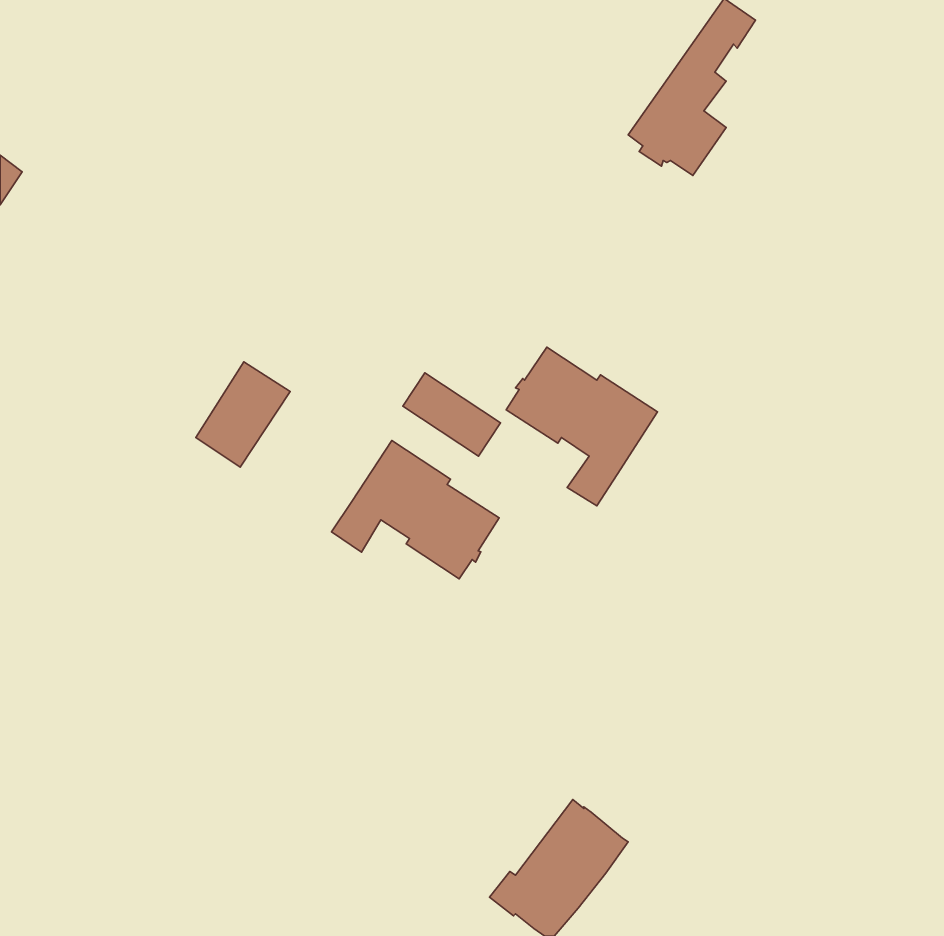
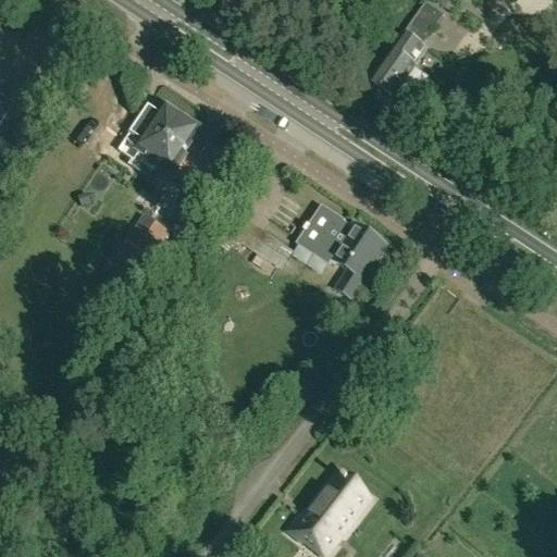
building: none -> [131,104,196,168]
building: [332,440,499,579] -> none

